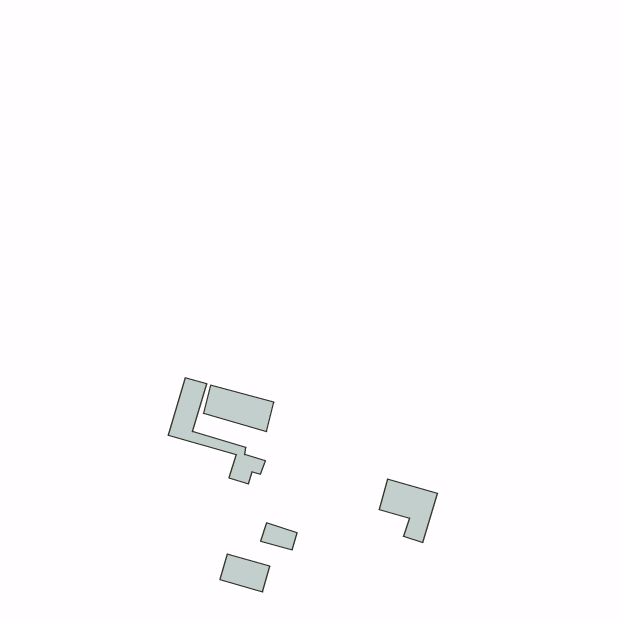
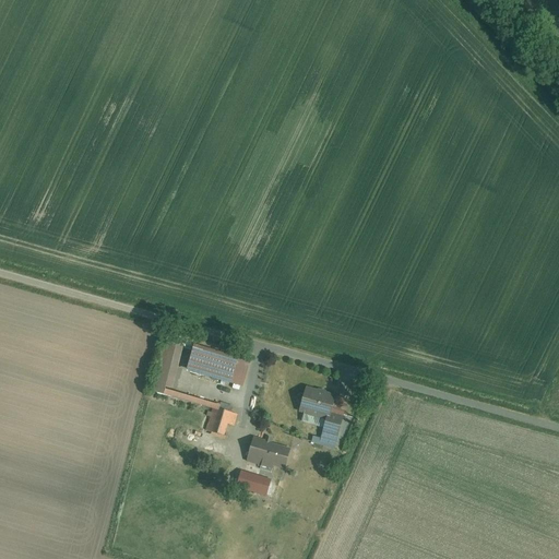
building: [379,479,438,542] -> [297,385,349,442]
building: [220,554,270,592] -> [247,435,292,468]

